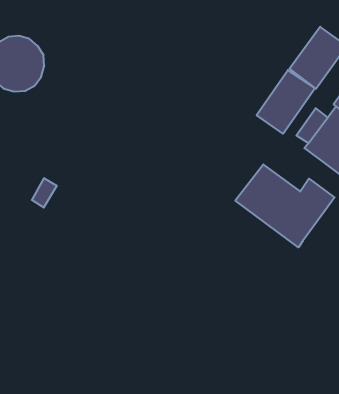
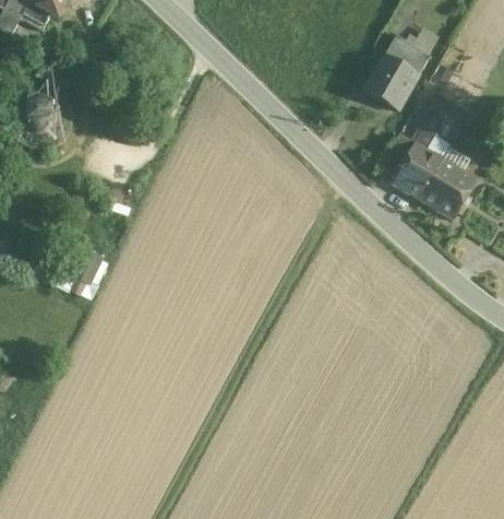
building: [257,70,315,134] -> none
building: [235,164,335,247] -> none

